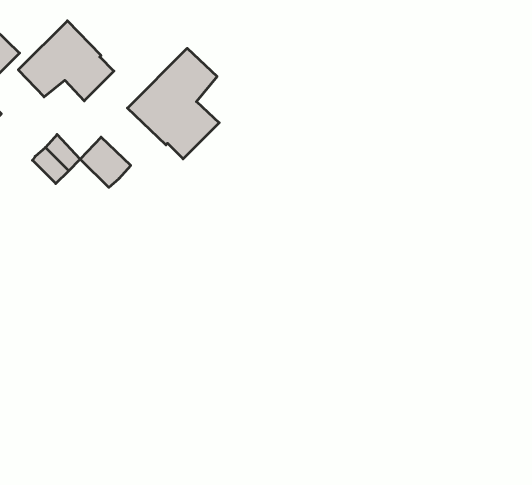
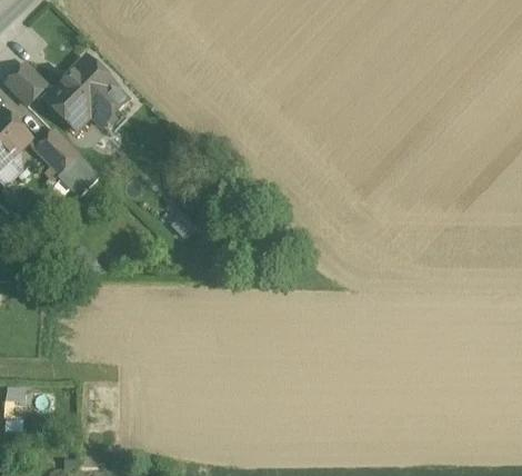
building: [127,48,219,159] -> none
building: [80,137,131,187] -> [34,129,78,172]

